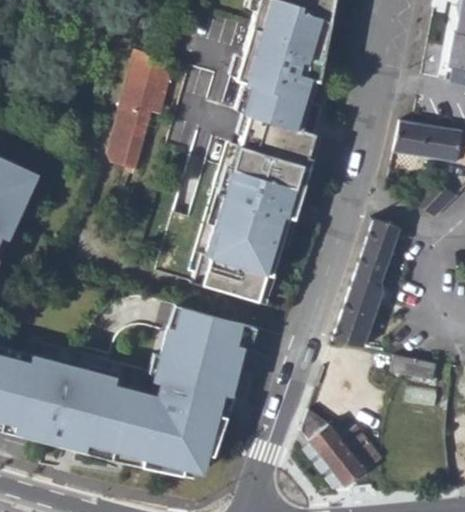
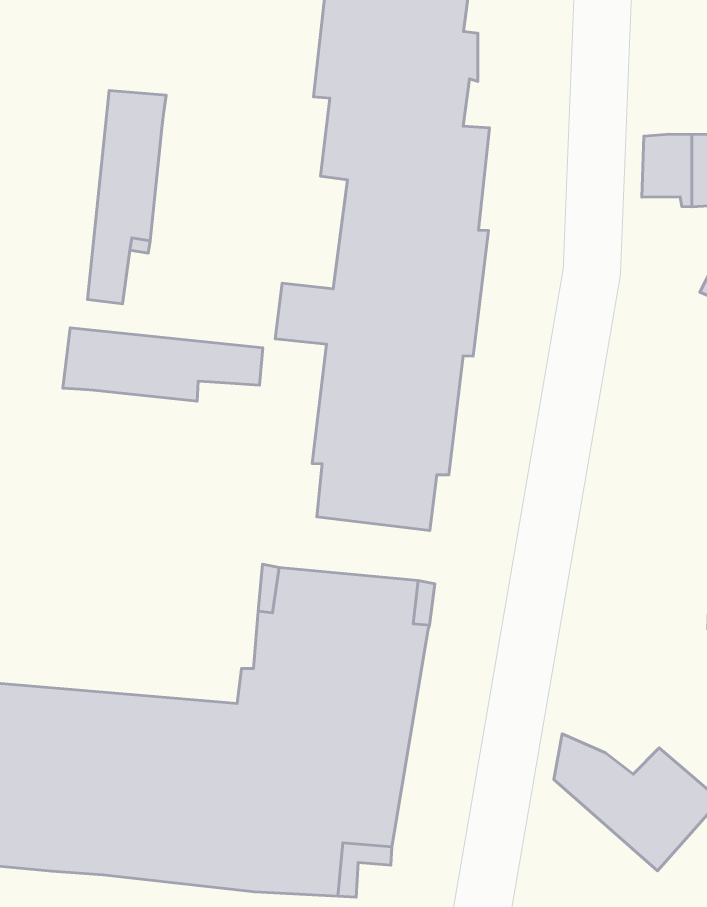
building: none -> [63,328,263,401]
building: [331,221,400,350] -> none

